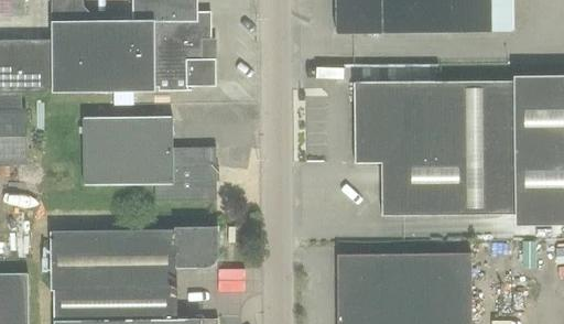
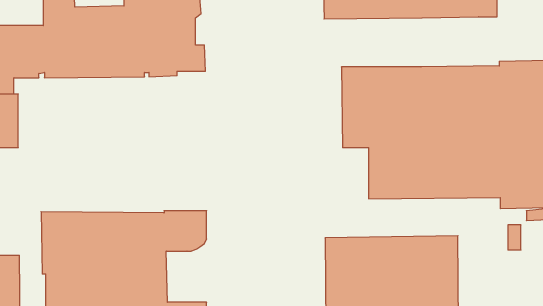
building: [83,117,217,201] -> none

